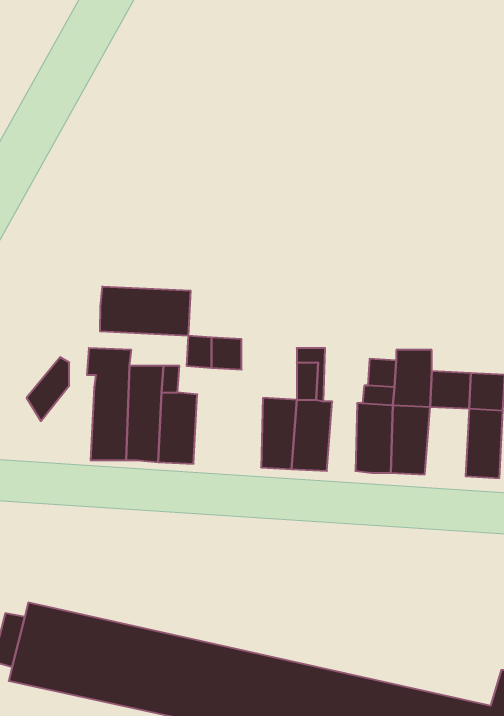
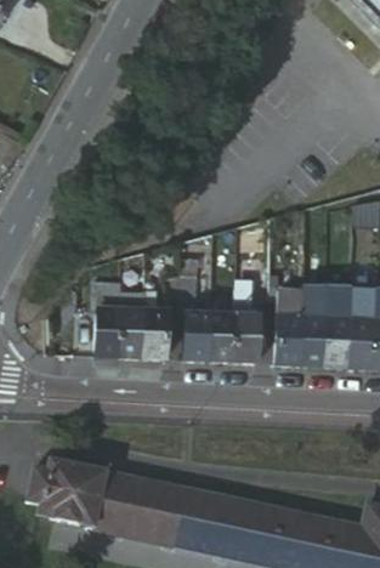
building: [100,286,191,336] -> none
building: none -> [182,318,211,367]
building: none -> [322,325,352,373]

